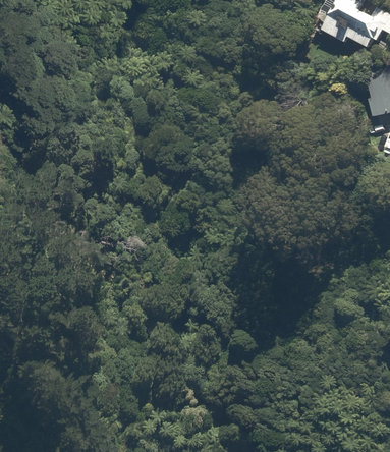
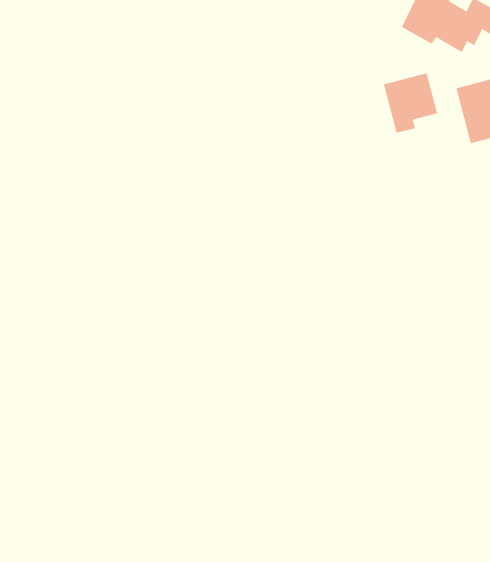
building: none -> [383,73,438,133]

